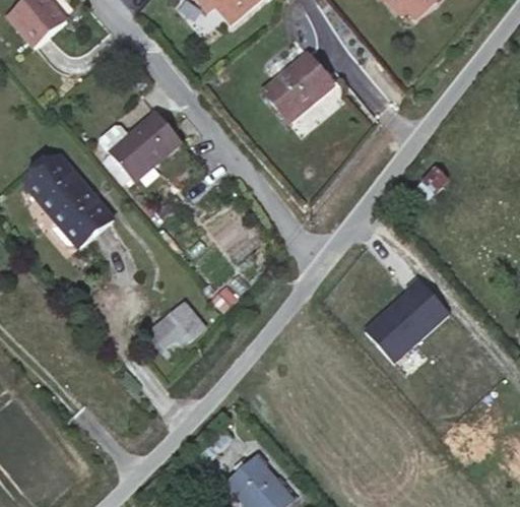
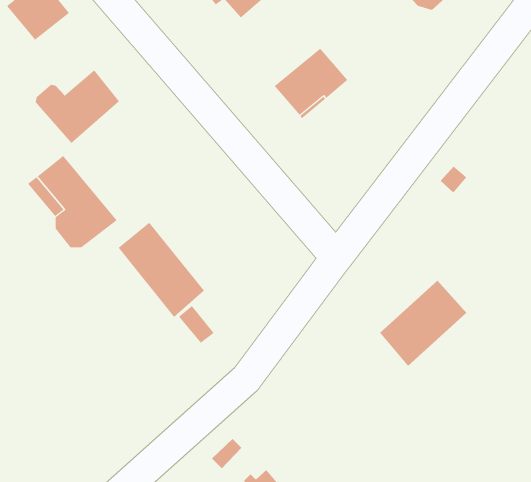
building: [101,110,182,181] -> [35,69,120,144]
building: none -> [118,222,205,318]
building: [147,311,193,357] -> none

